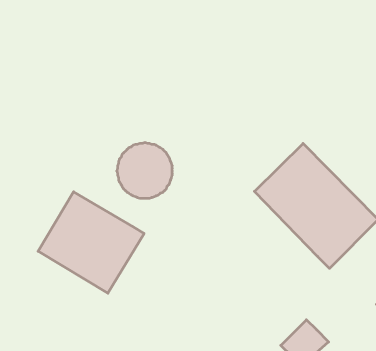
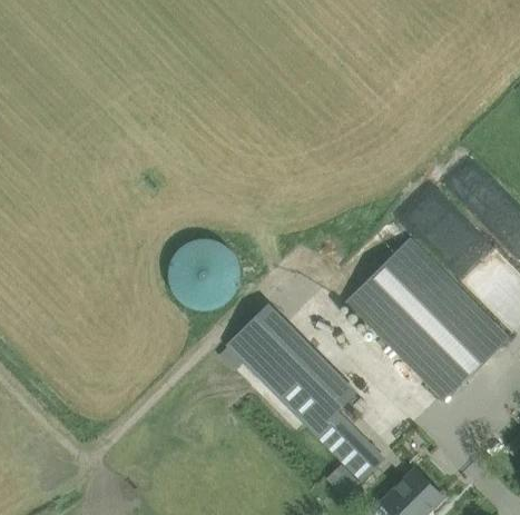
building: [38,192,144,293] -> none
building: none -> [219,304,384,497]

